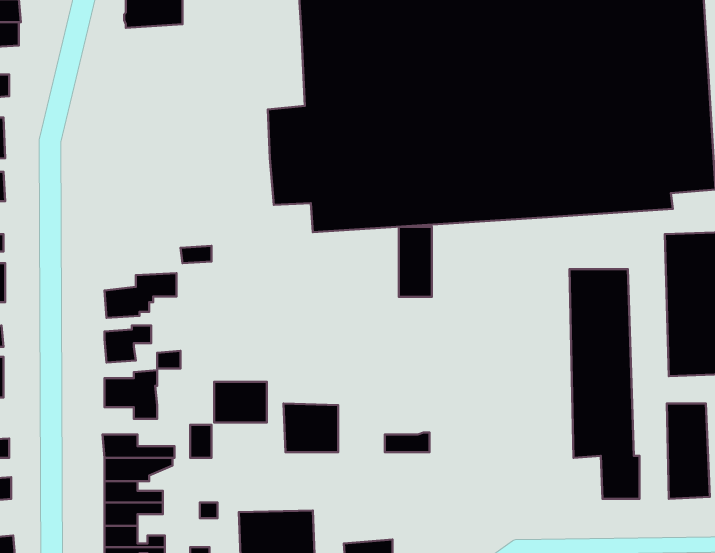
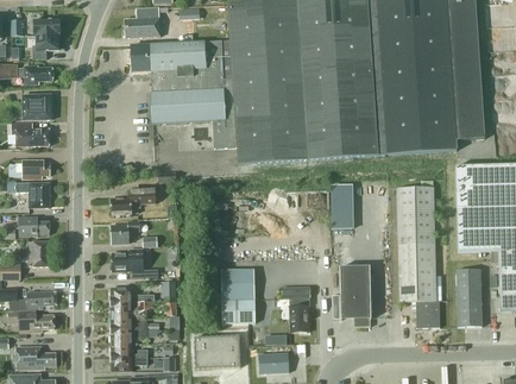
building: none -> [131,38,234,122]
building: [399,227,432,297] -> [335,182,355,225]
building: [214,382,267,423] -> [222,297,254,322]
building: none -> [338,264,370,326]
building: none -> [290,297,312,332]

